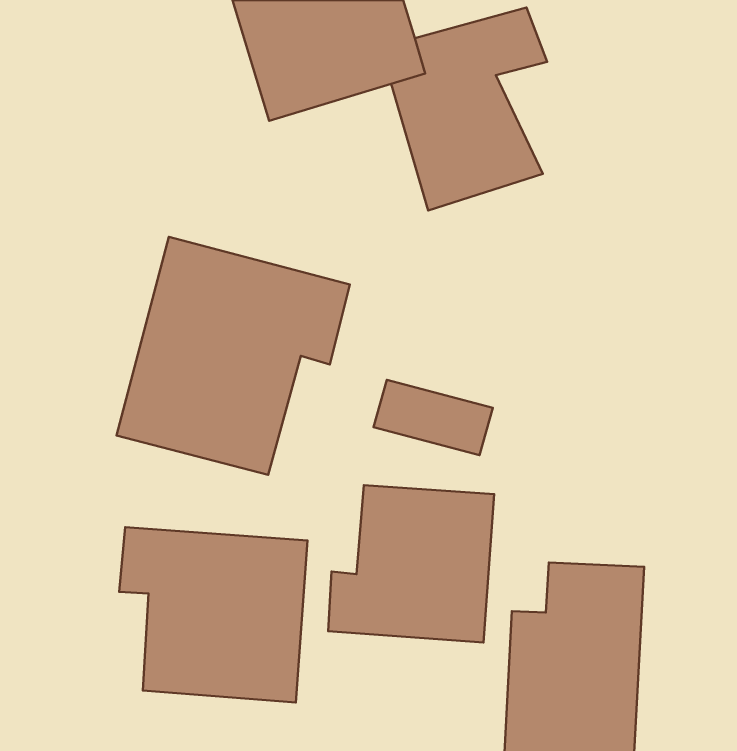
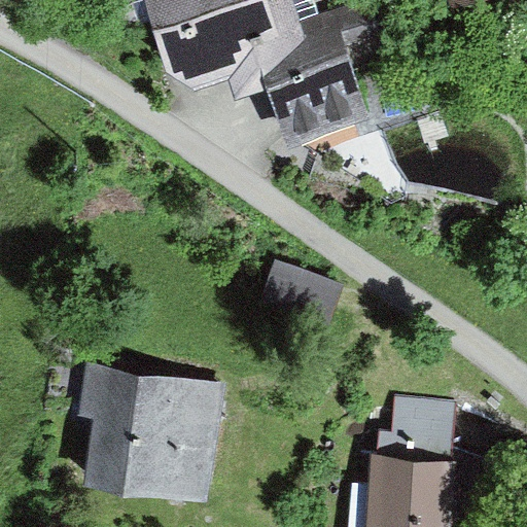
building: [116,237,350,475] -> none
building: [328,485,494,642] -> none

